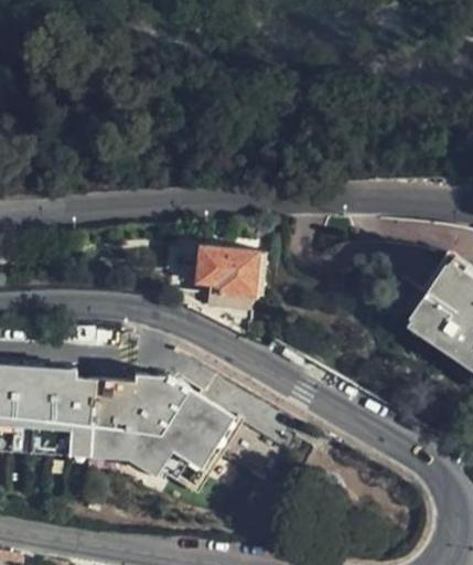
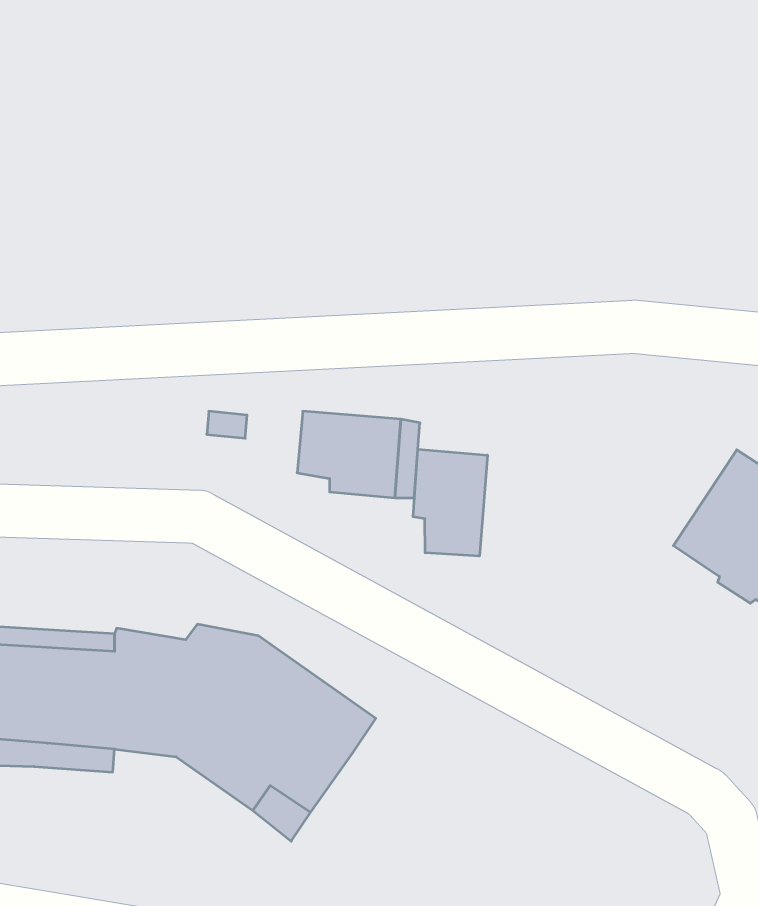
building: none -> [413,449,487,556]

